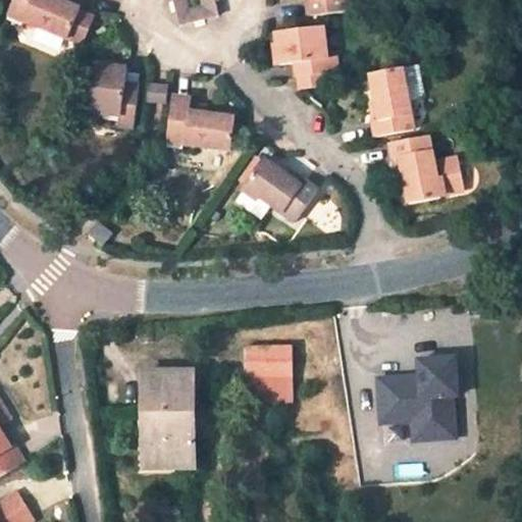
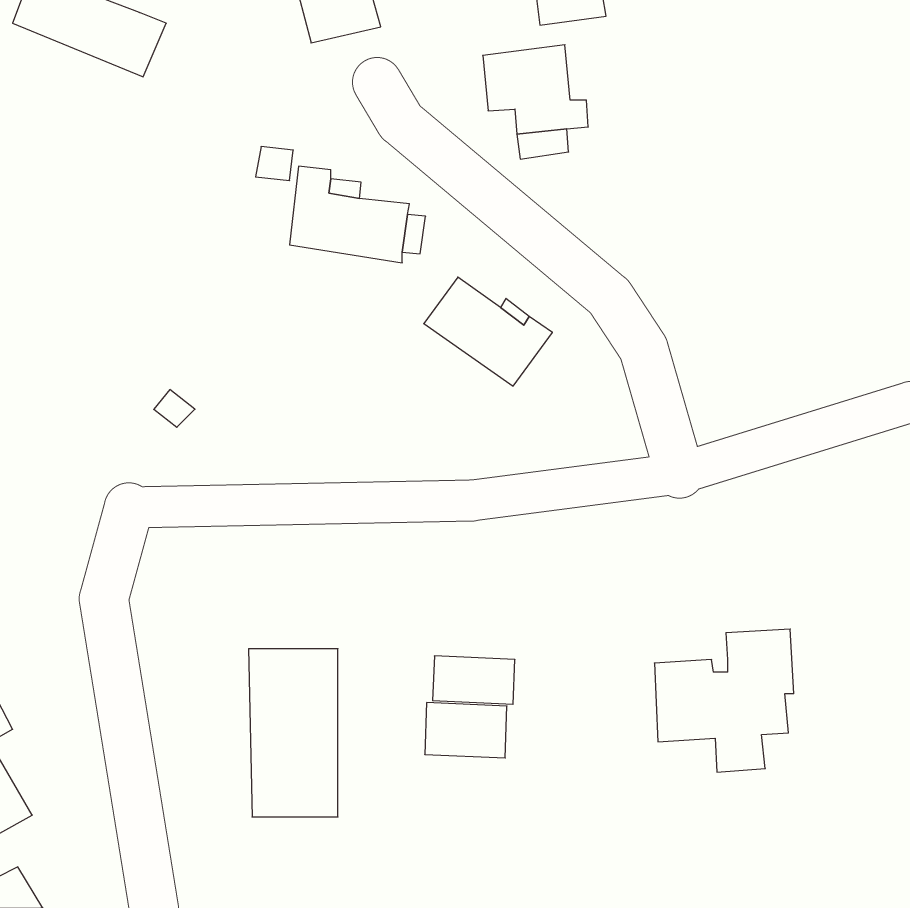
building: [87,62,139,126] -> none
building: [371,67,412,136] -> none
building: [390,136,460,202] -> none
building: [248,345,295,376] -> [425,703,507,758]

